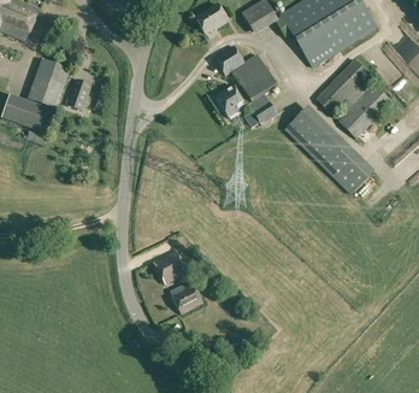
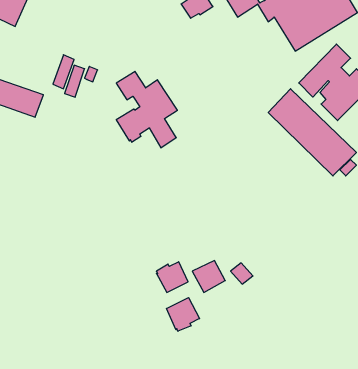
building: [213,45,276,123] -> [116,71,177,148]
building: [26,57,69,107] -> none
building: [152,250,185,282] -> [192,261,225,292]
building: none -> [167,298,200,331]

